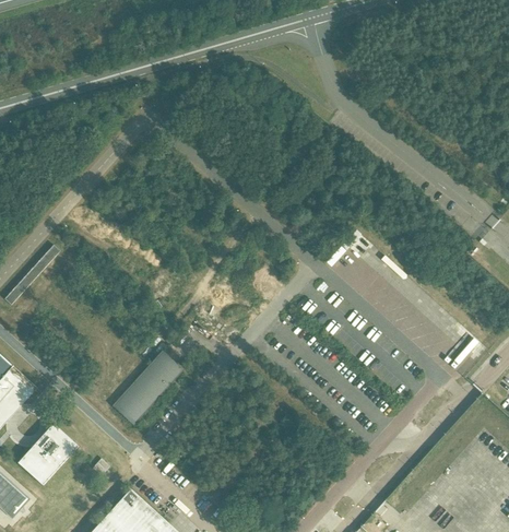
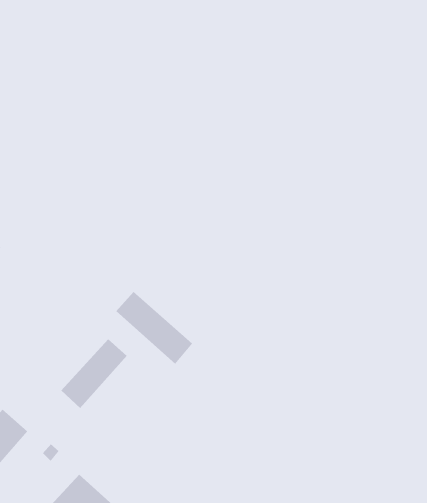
building: none -> [115,291,193,365]

